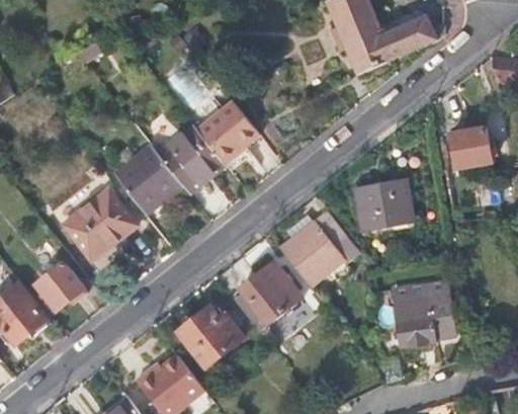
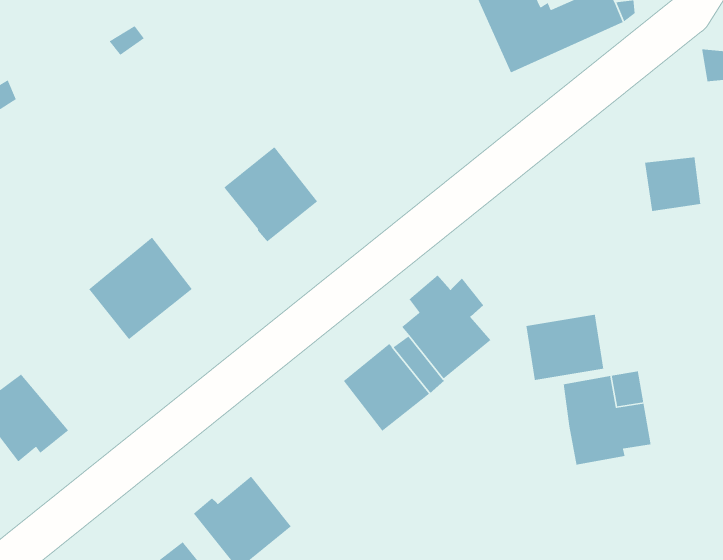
building: [195,100,258,163] -> none
building: [113,145,180,213] -> none
building: [357,181,412,228] -> [526,314,604,381]
building: [36,263,86,311] -> none
building: [177,306,242,366] -> none

